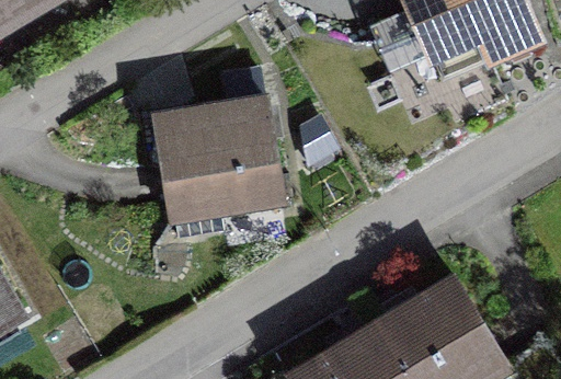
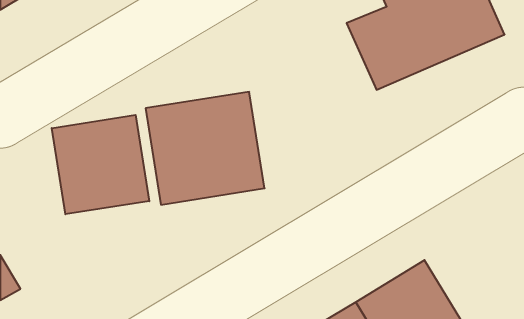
building: none -> [52,115,149,214]

